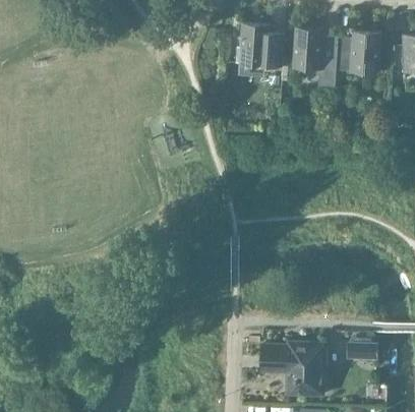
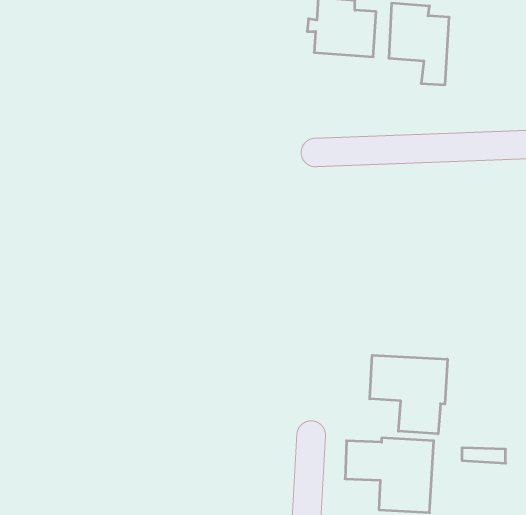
building: [334,33,378,74] -> none
building: none -> [370,355,447,434]

